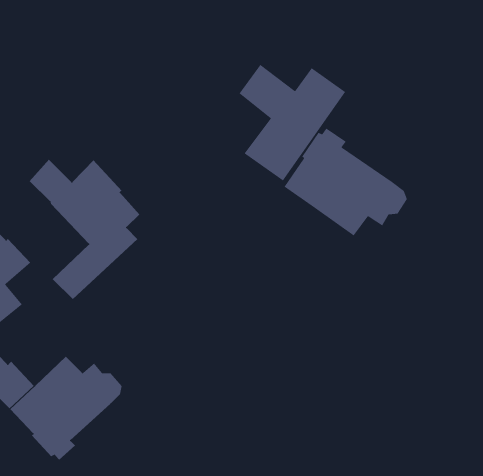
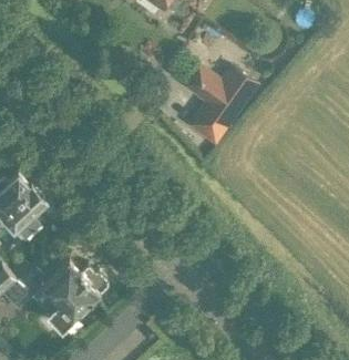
building: [283,128,408,236] -> none
building: [29,159,140,300] -> none

